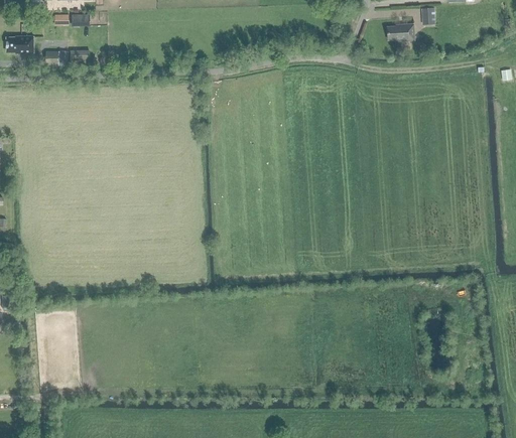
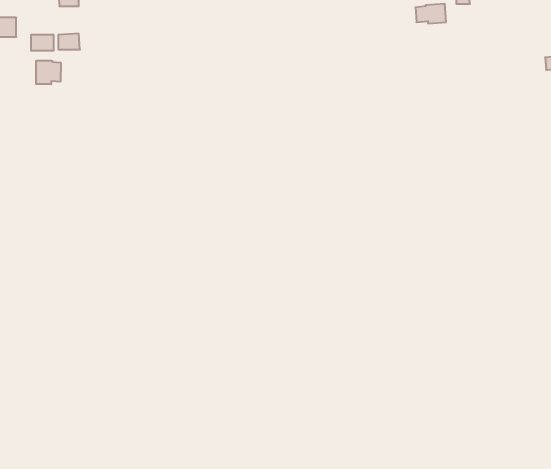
building: none -> [36,61,61,84]

